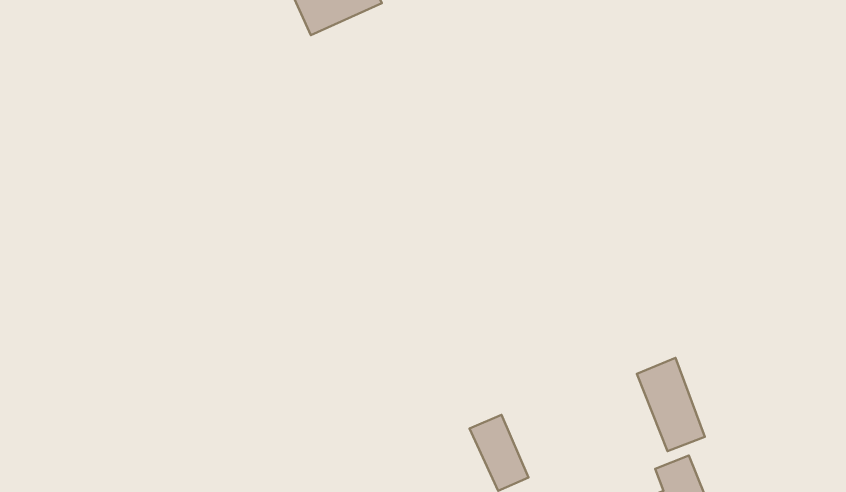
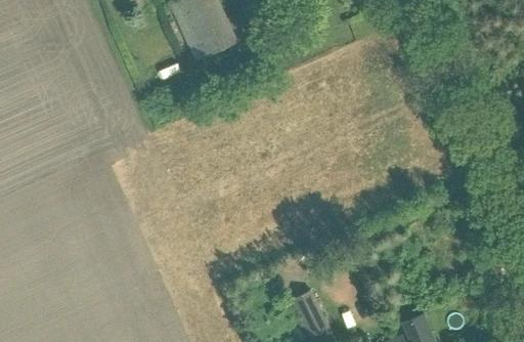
building: [637,358,705,451] -> none

